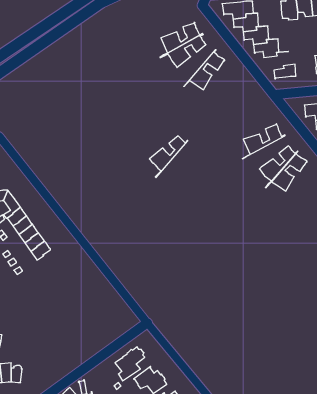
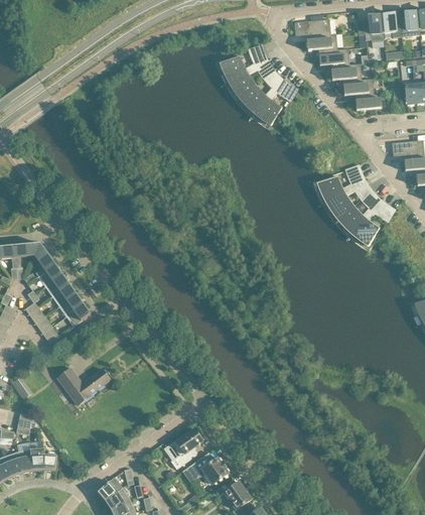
building: none -> [342,79,373,101]
building: none -> [317,178,372,218]
building: [149,136,188,178] -> [240,71,285,120]
building: none -> [56,368,109,404]

